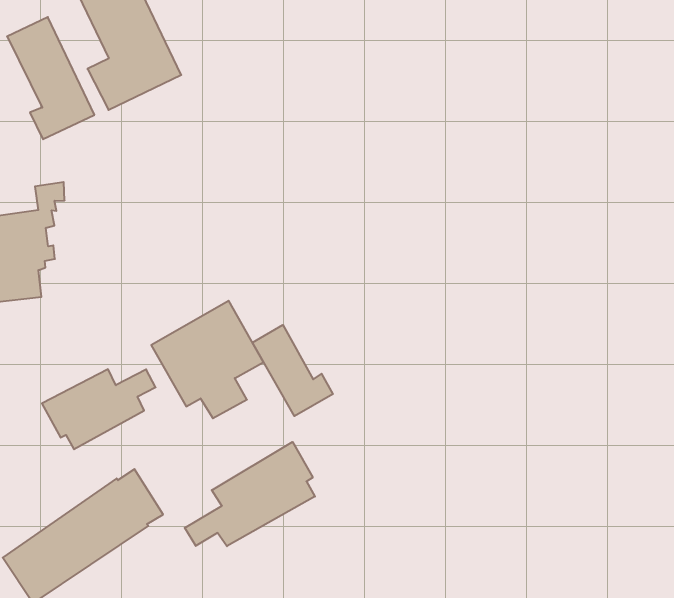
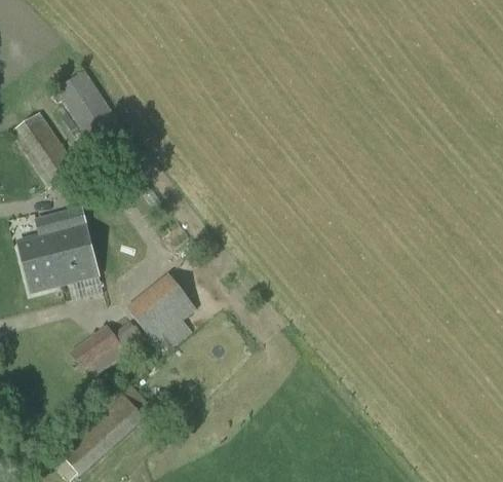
building: none -> [53,208,96,285]
building: [252,325,333,416] -> none
building: [185,442,315,546] -> none

